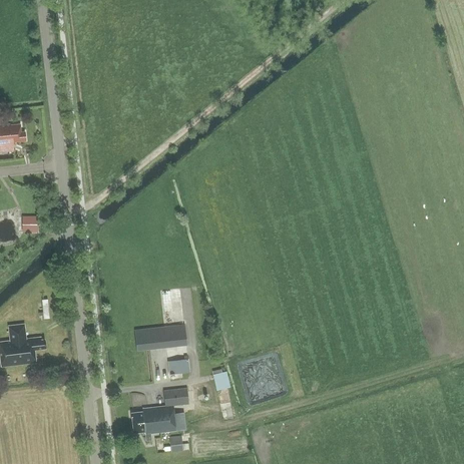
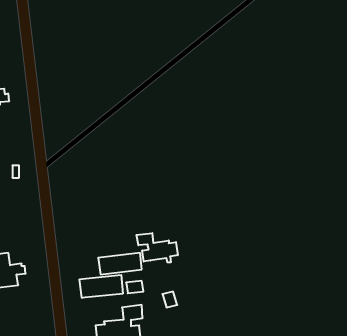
building: none -> [136,233,178,262]
building: none -> [80,275,123,298]

